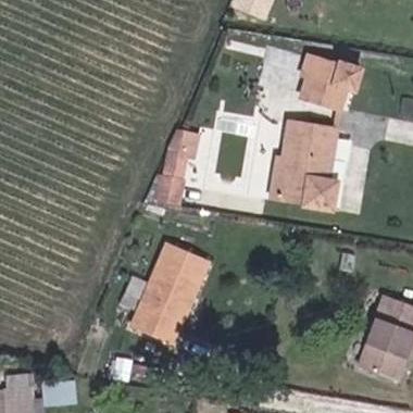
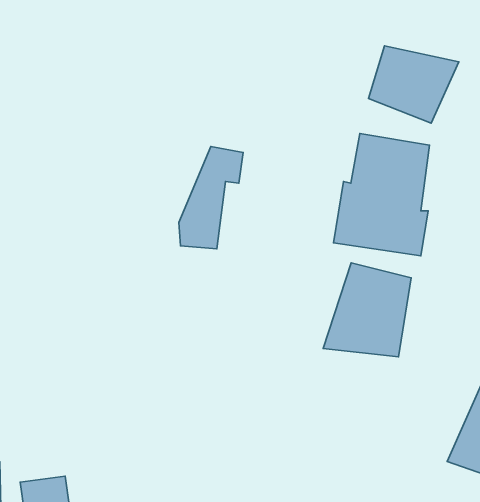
building: none -> [323,263,411,357]
building: [130,243,212,347] -> none

